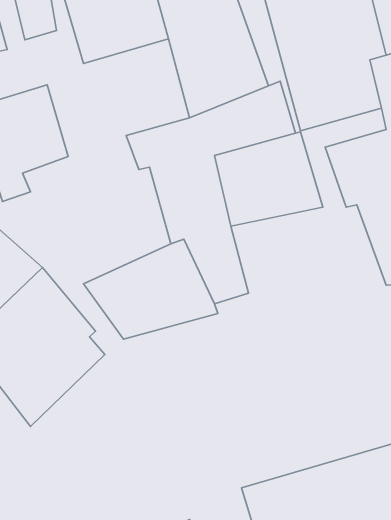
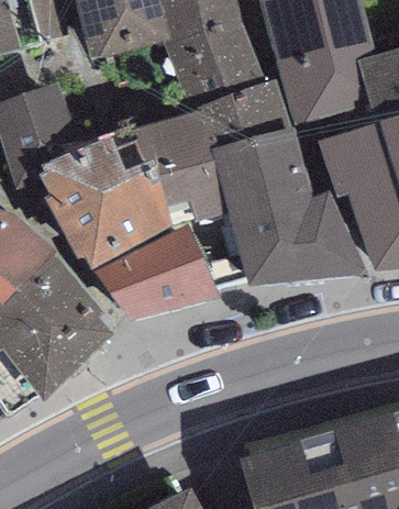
building: none -> [34,130,173,268]
building: none -> [229,191,365,285]

